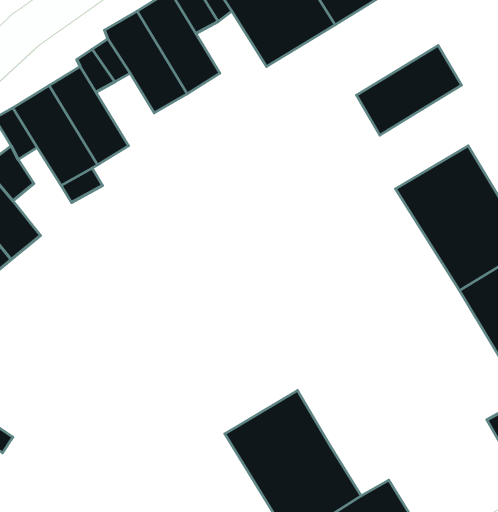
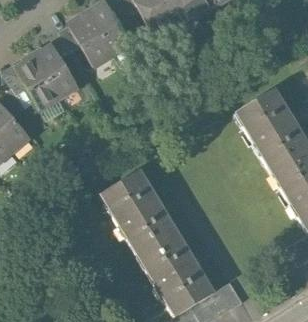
building: [357,45,462,135] -> none
building: none -> [100,170,178,255]

